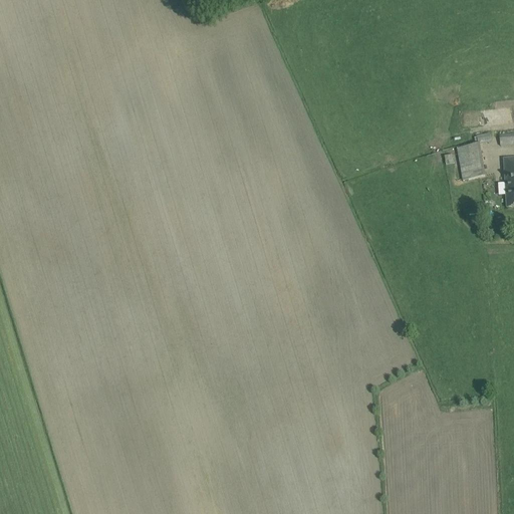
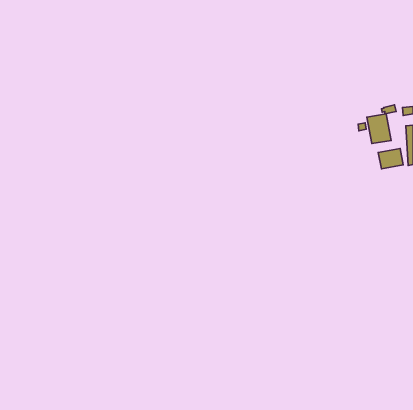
building: none -> [378,148,403,169]

